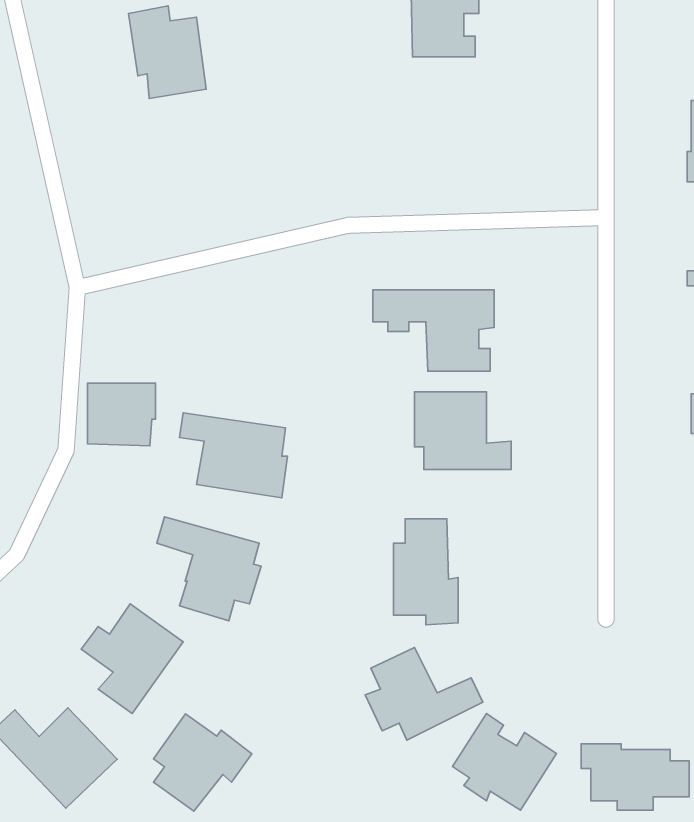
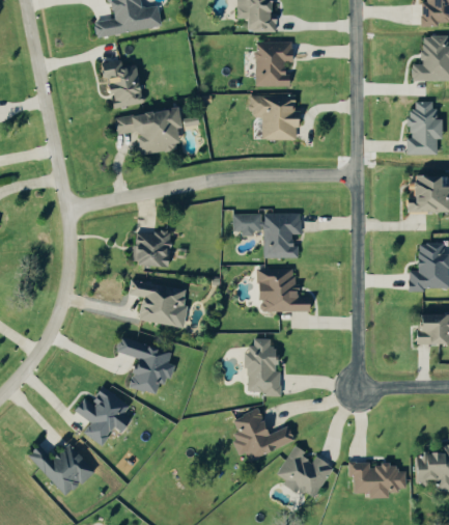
building: none -> [250,94,299,139]
building: none -> [114,107,180,155]
building: [87,383,156,446] -> [134,231,171,266]
building: [153,714,252,811] -> none

